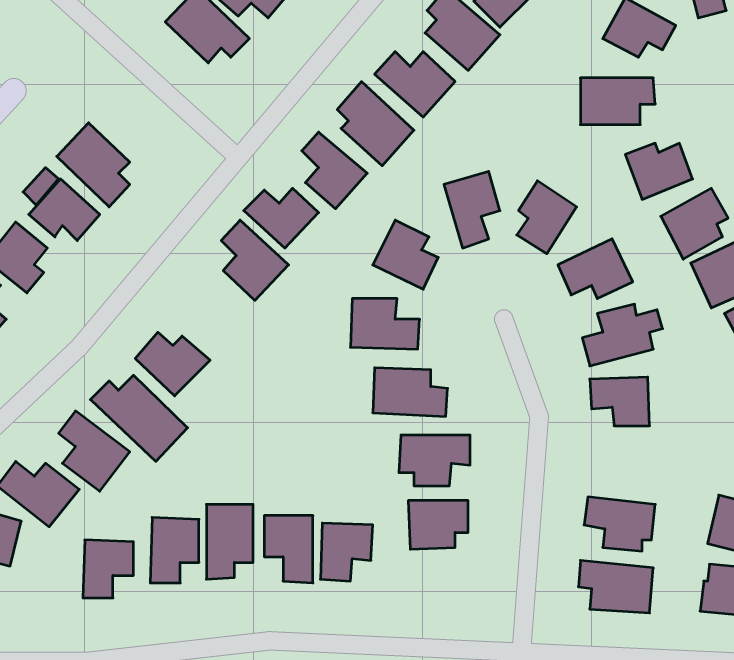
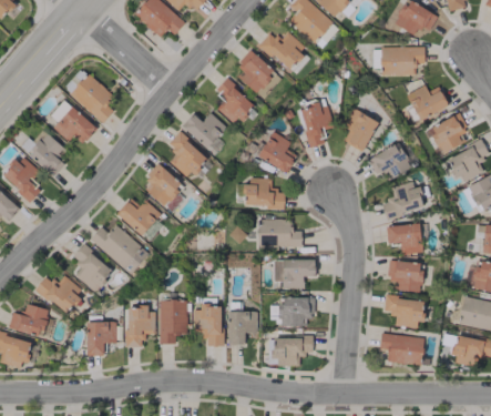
building: none -> [142,164,184,206]
building: none -> [388,262,423,293]
building: none -> [269,337,314,365]

